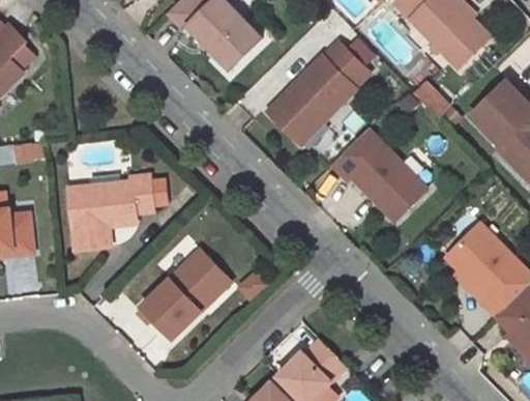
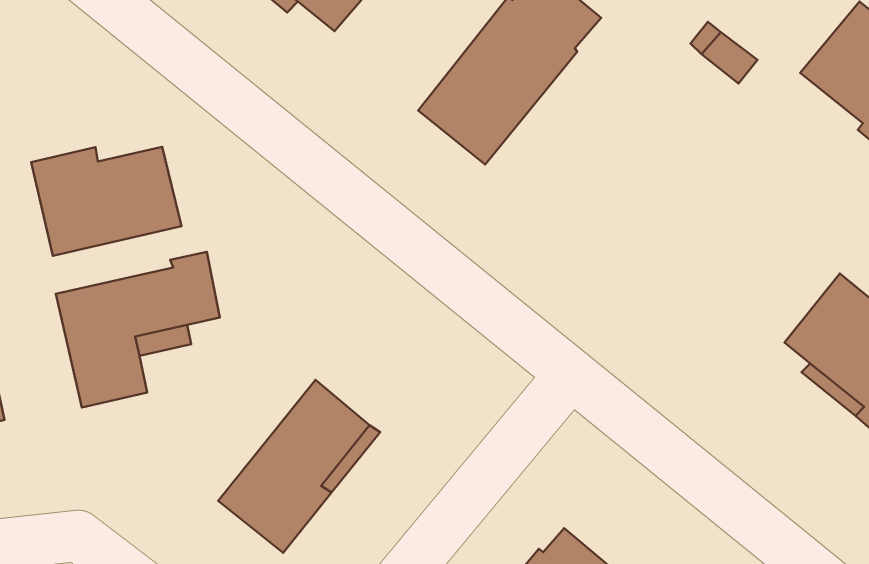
building: none -> [31,147,182,256]
building: [332,127,428,214] -> none

